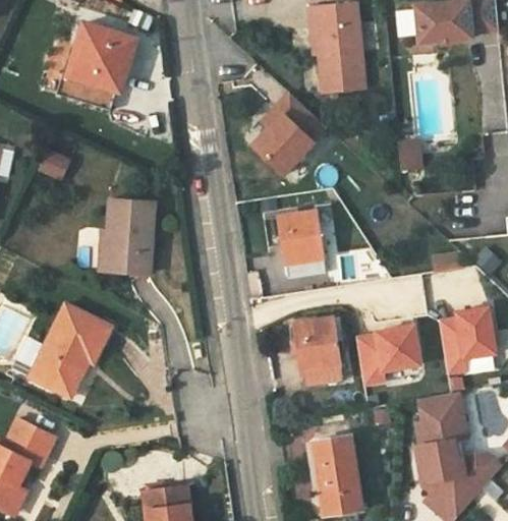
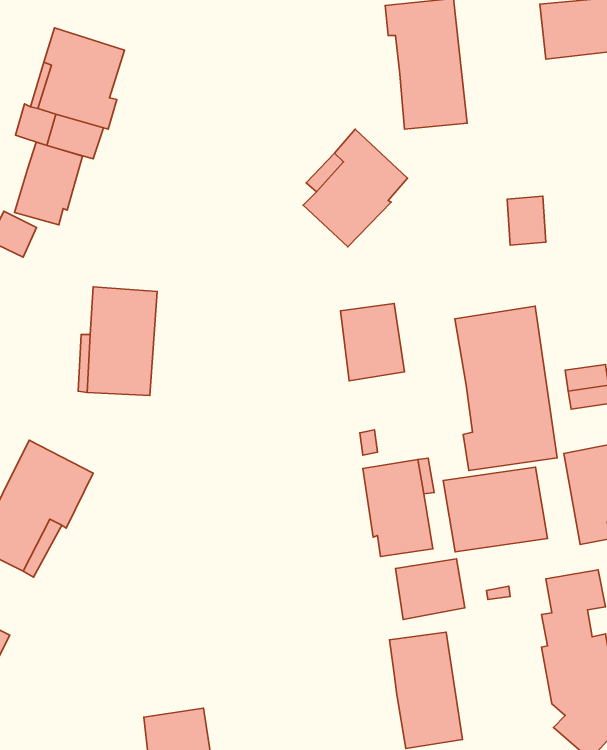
building: none -> [15,142,83,225]
building: none -> [455,306,557,470]
building: none -> [396,559,465,619]

